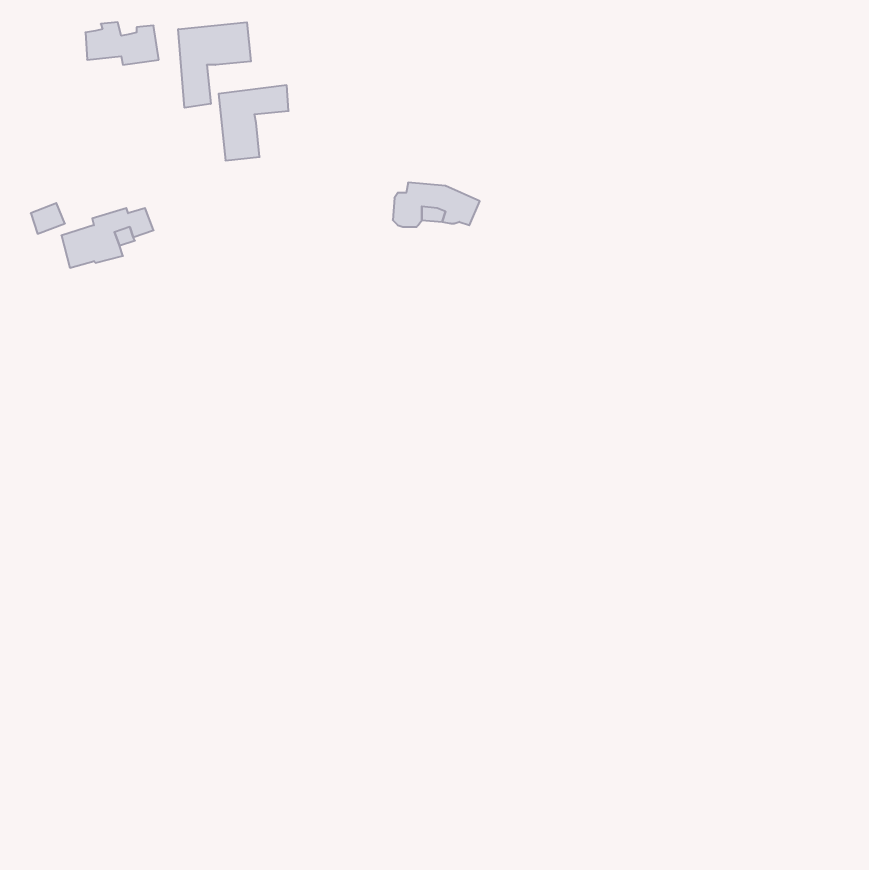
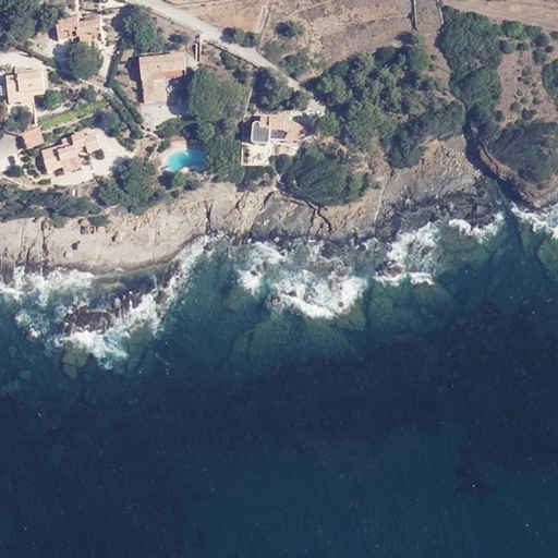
building: [178,22,251,108] -> none
building: none -> [4,68,43,102]

